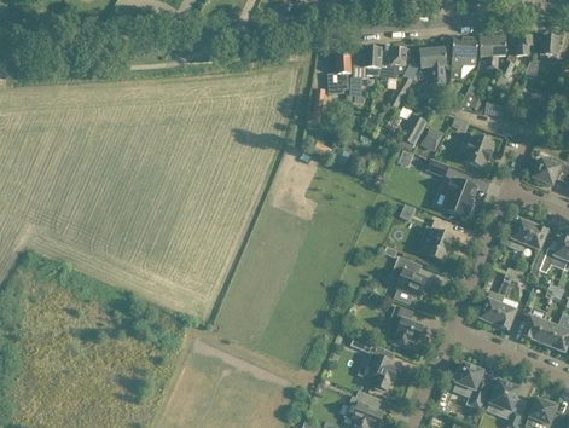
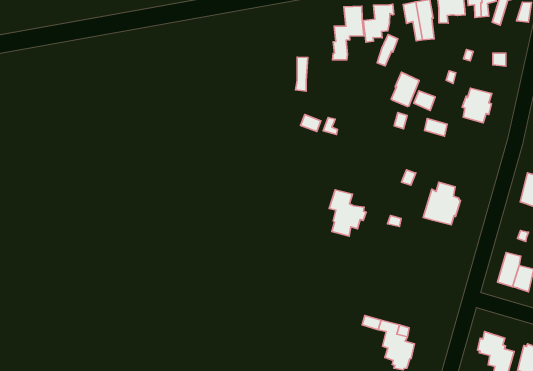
building: [329,53,352,93] -> none
building: [443,178,477,216] -> none
building: [395,258,429,302] -> [329,190,366,236]
building: [390,306,424,347] -> none

